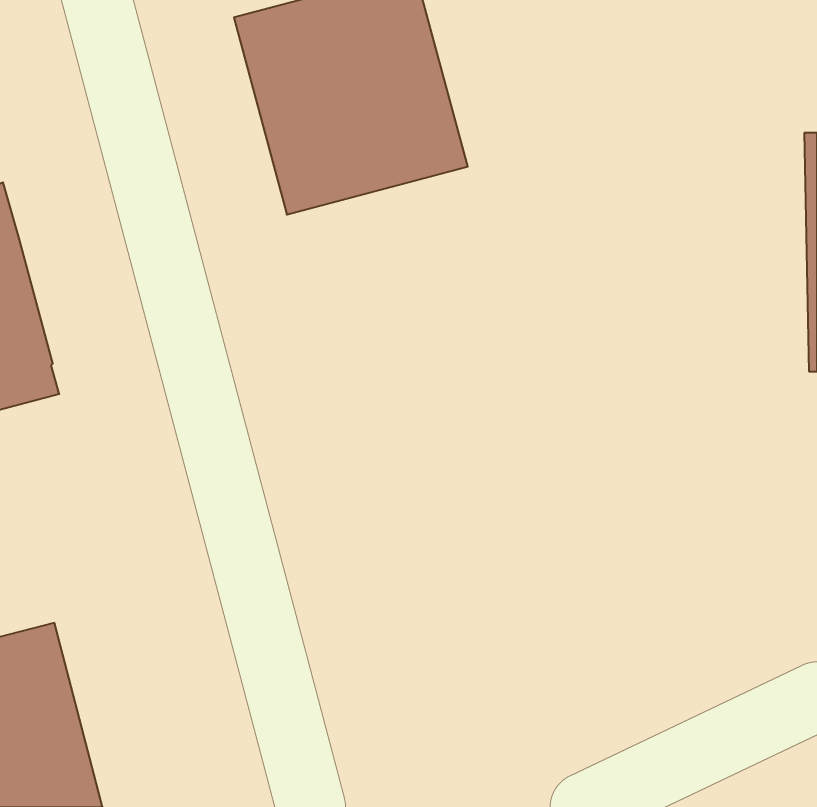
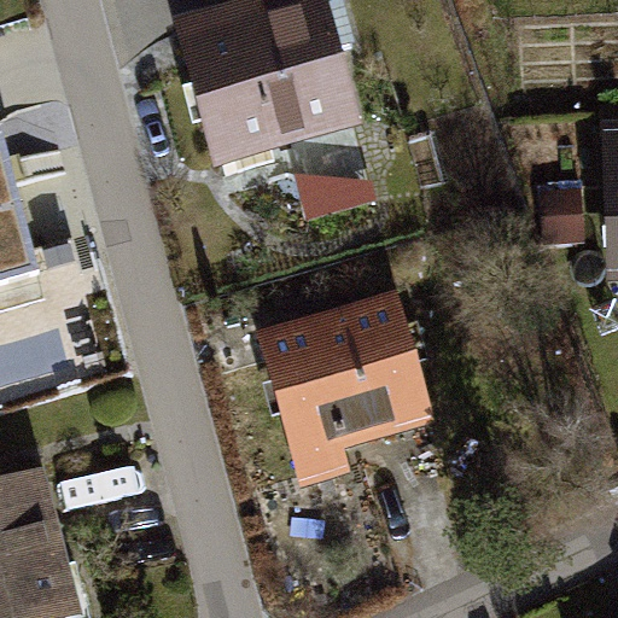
building: none -> [257,290,435,484]

